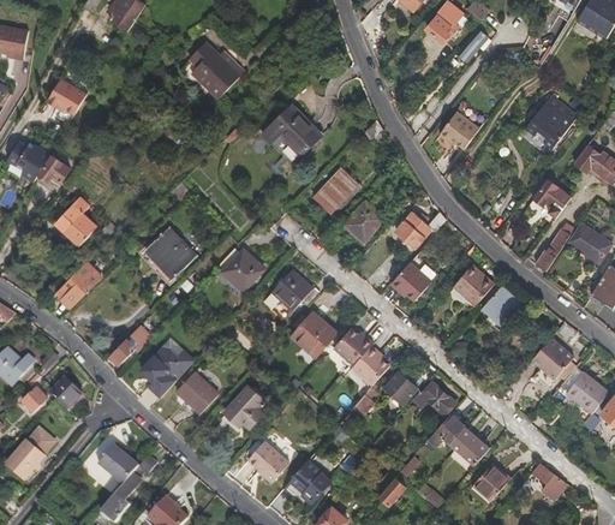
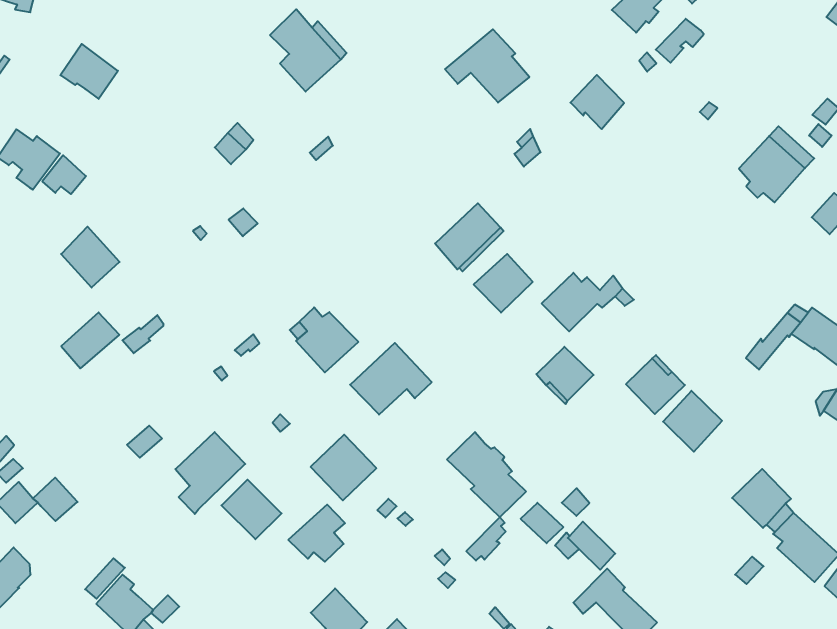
building: [261,106,320,156] -> [445,29,529,103]
building: [438,111,476,148] -> [570,75,624,129]
building: [535,179,571,217] -> none
building: [141,227,196,279] -> none
building: [289,311,335,357] -> [311,435,376,500]

